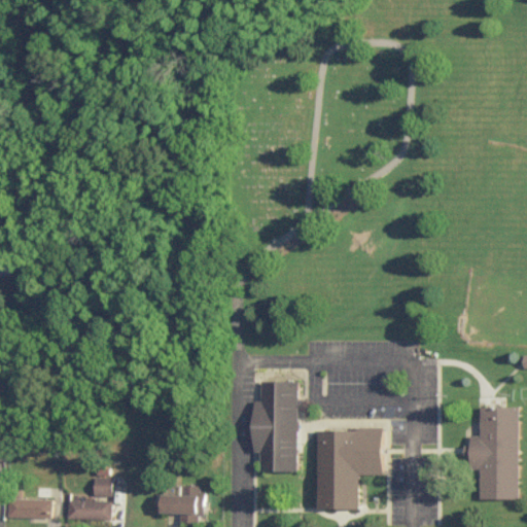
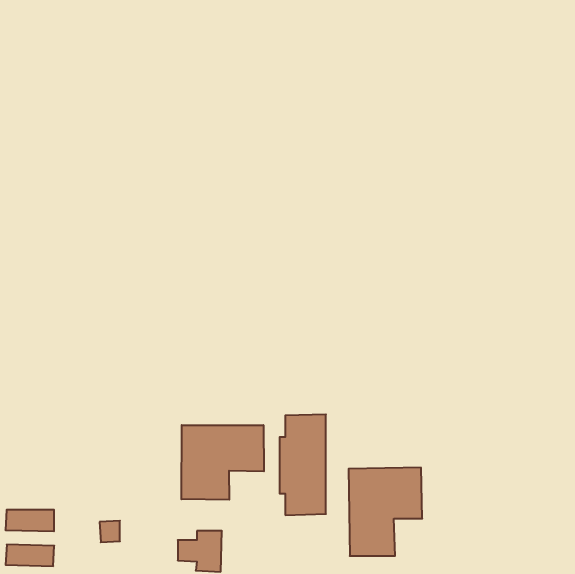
building: none -> [181,425,264,500]
building: [462,408,519,500] -> none
building: [65,501,109,521] -> [5,510,54,531]

